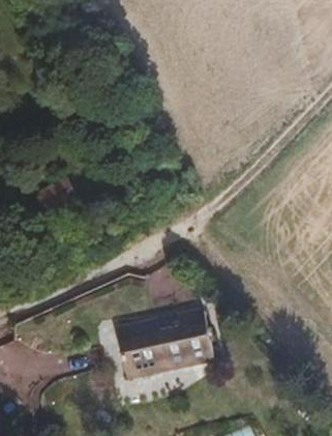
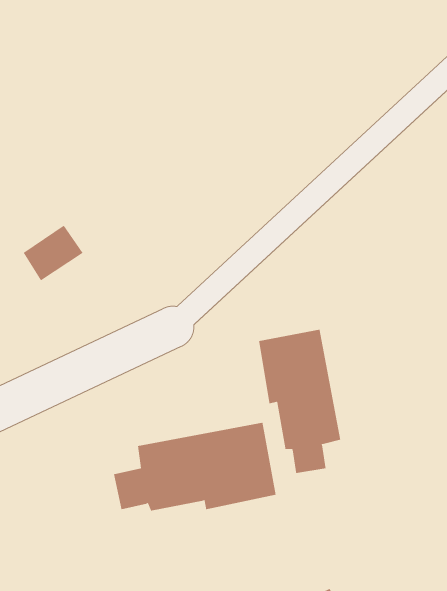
building: none -> [259,329,341,474]

